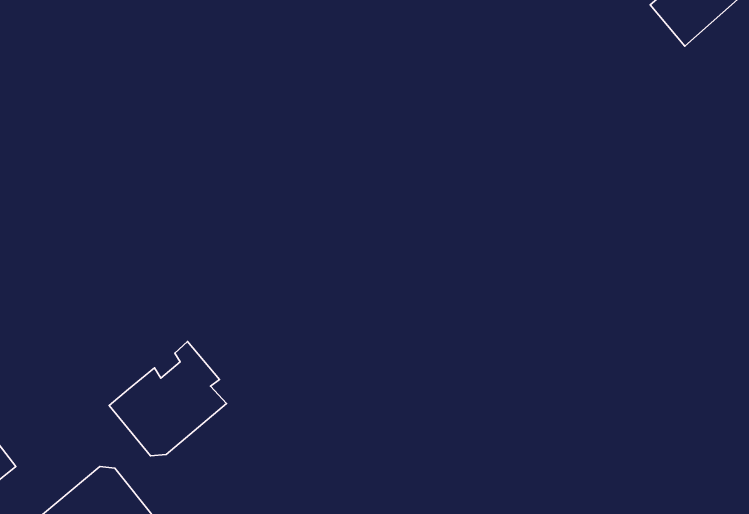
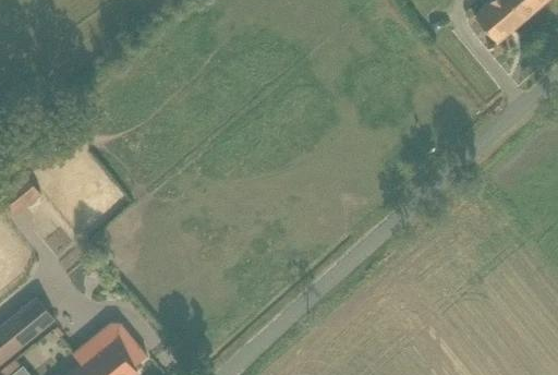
building: [109,342,226,456] -> none

